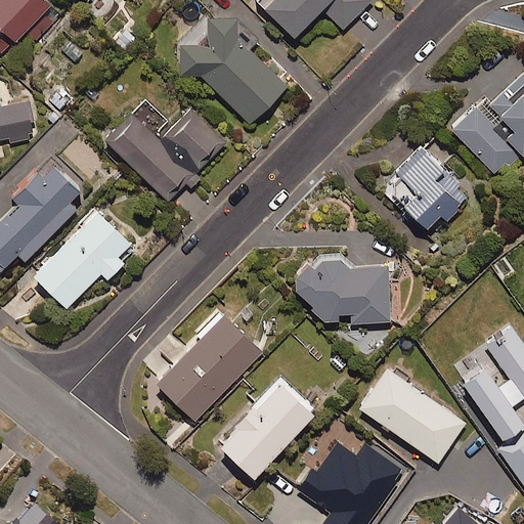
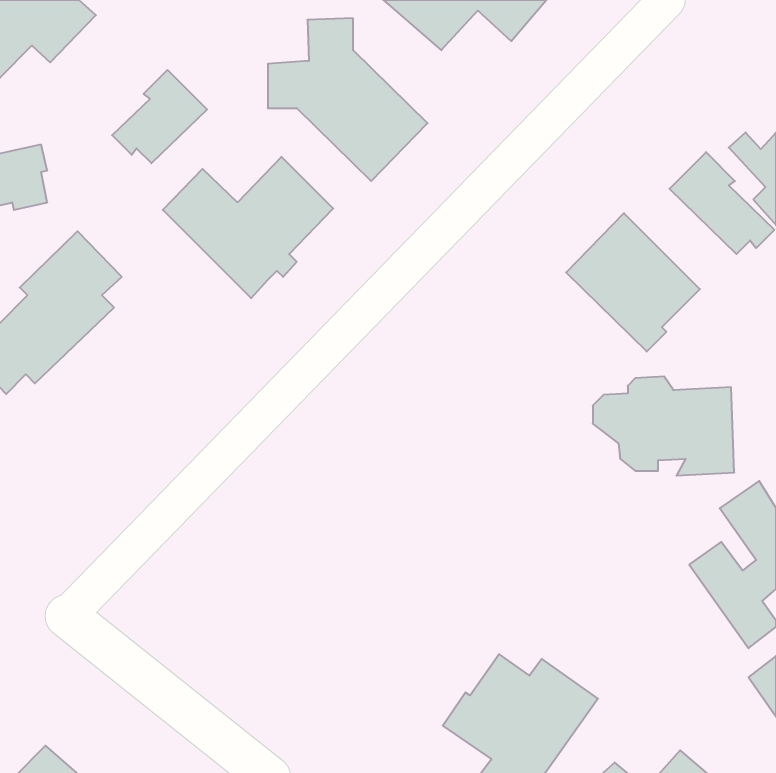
building: none -> [112,70,207,163]
building: [34,211,131,308] -> none
building: [296,258,391,324] -> [593,377,734,476]
building: [158,310,262,421] -> none
building: [359,368,466,463] -> none
building: [221,379,316,478] -> none

